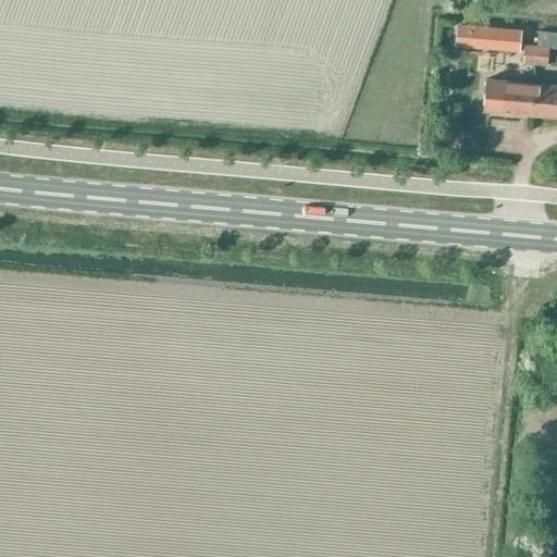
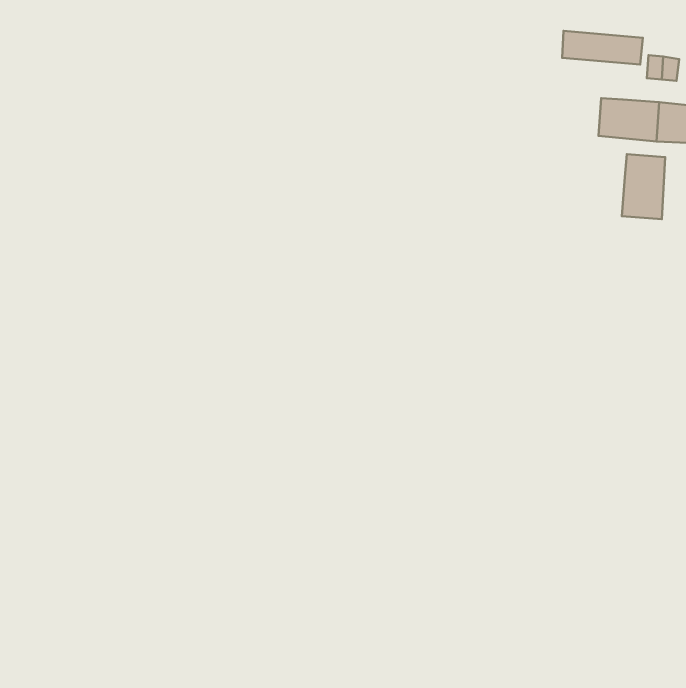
building: none -> [622,154,665,219]

